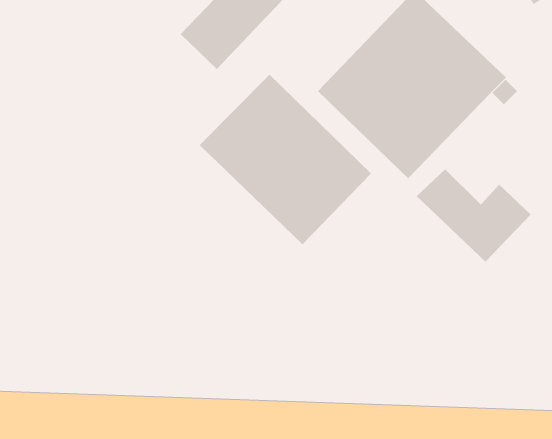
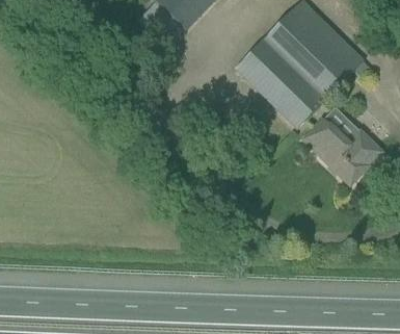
building: [199,74,372,245] -> none

